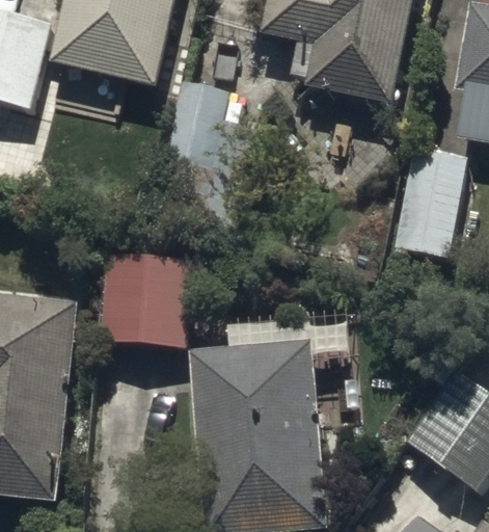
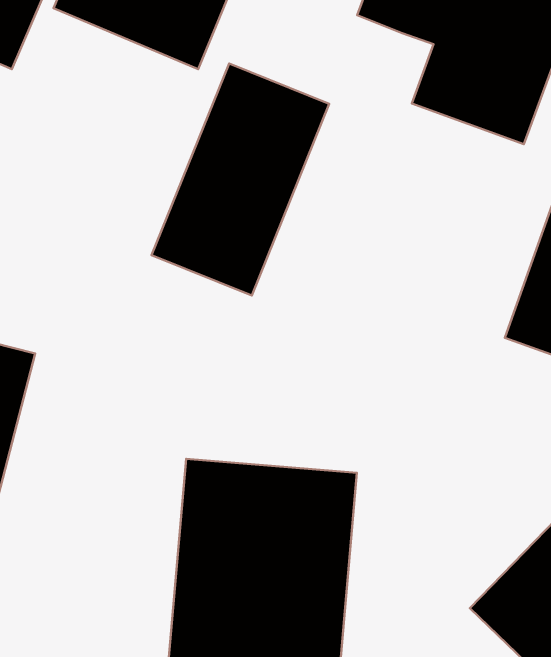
building: [97,248,192,346] -> none

